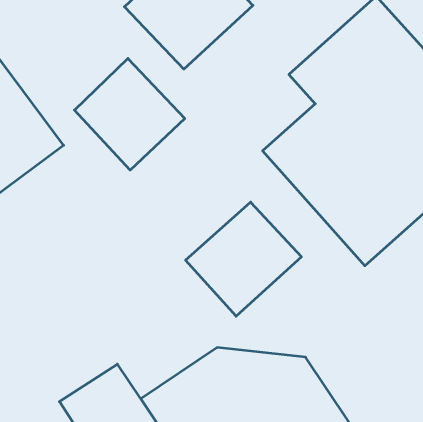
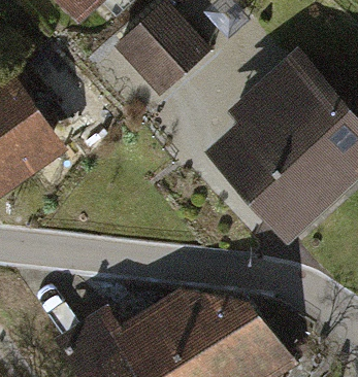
building: [74,58,185,170] -> none
building: [186,202,301,316] -> none

